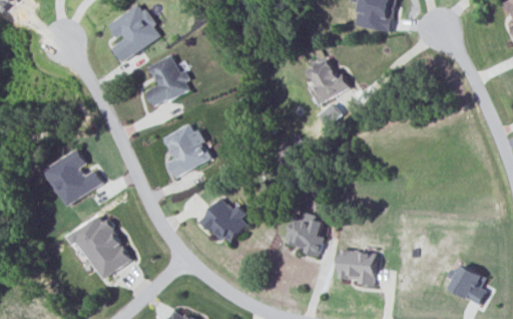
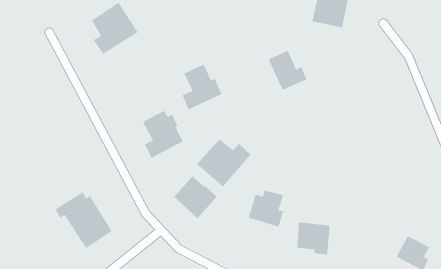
building: [146,55,191,107] -> [182,64,222,110]
building: [44,149,103,207] -> none
building: none -> [196,139,251,188]

